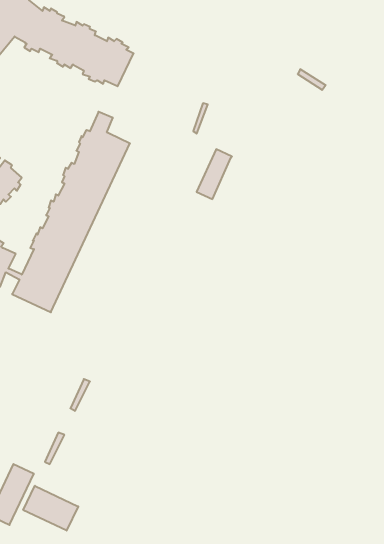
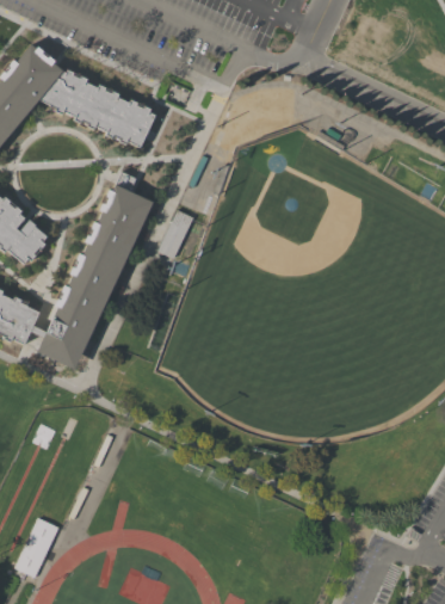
building: [197,149,232,199] -> [159,211,193,260]
building: [23,486,78,531] -> none

